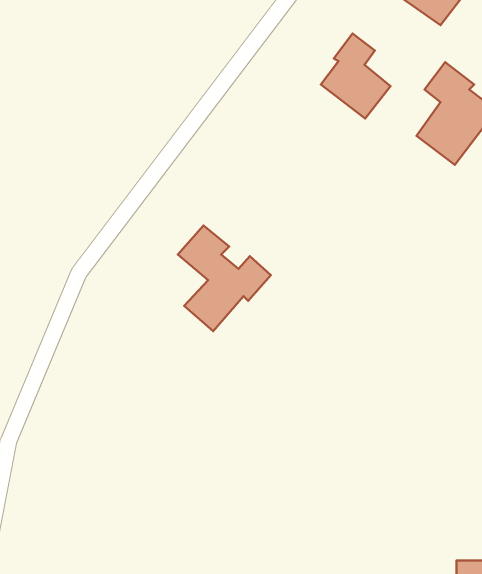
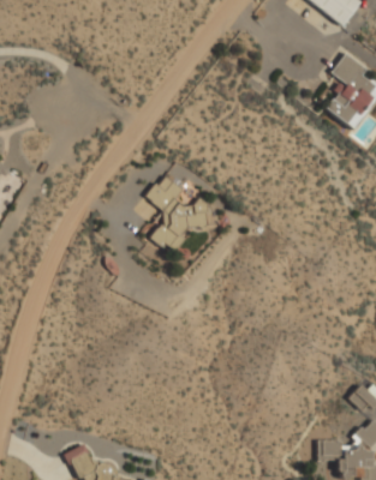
building: [321,34,391,119] -> none

